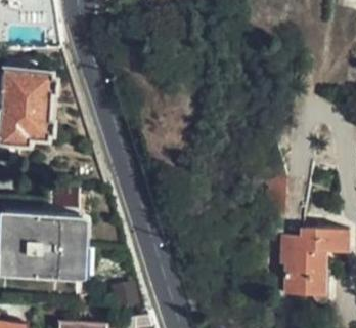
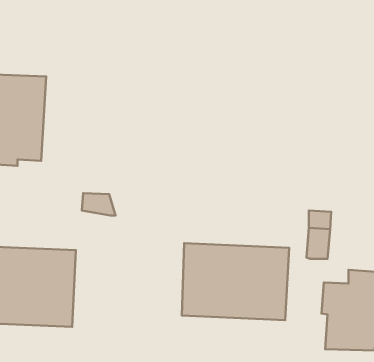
building: none -> [182,243,289,320]

